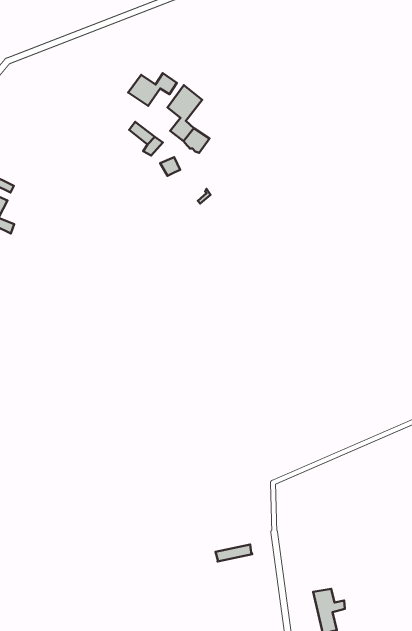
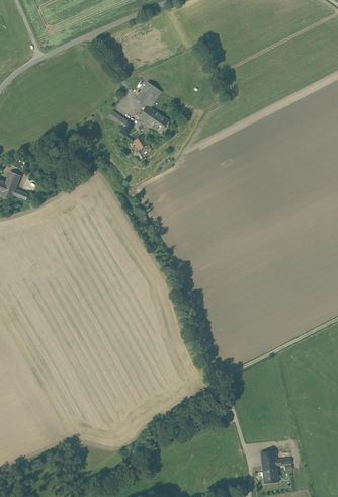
building: [128,73,177,106] -> none

